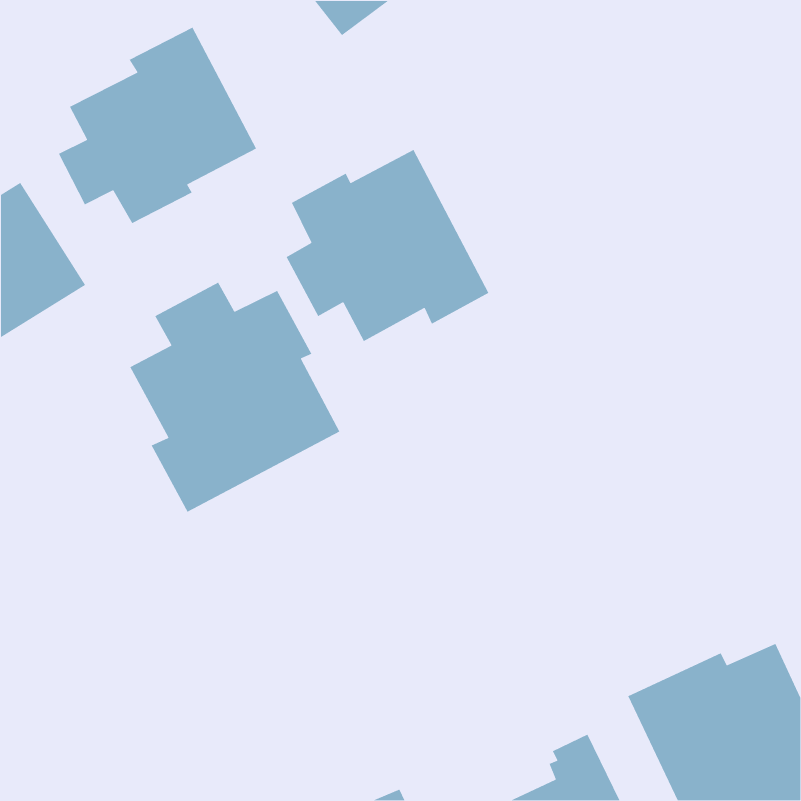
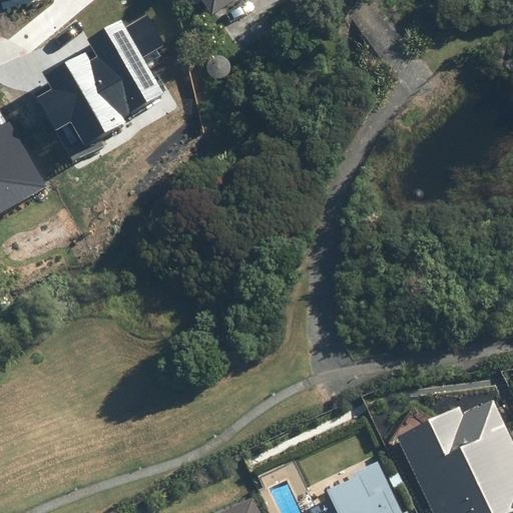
building: [285,149,490,342] -> none
building: [129,281,341,513] -> none

